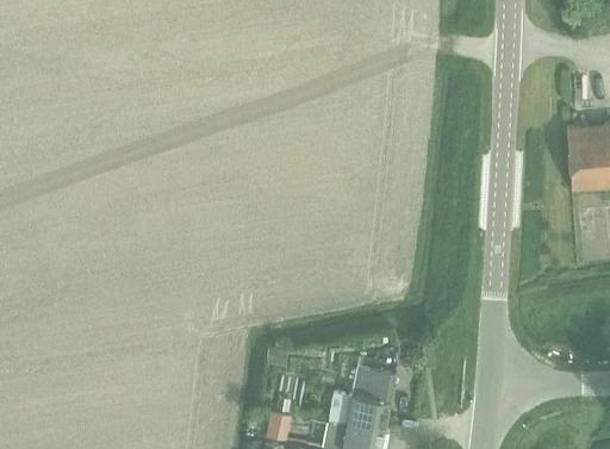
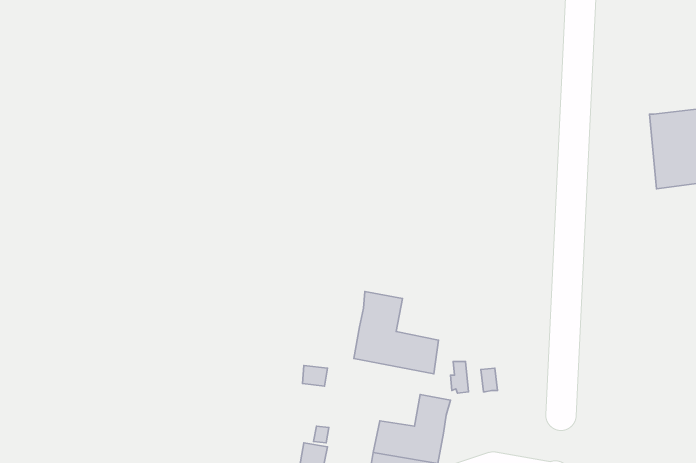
building: none -> [354,292,438,374]

